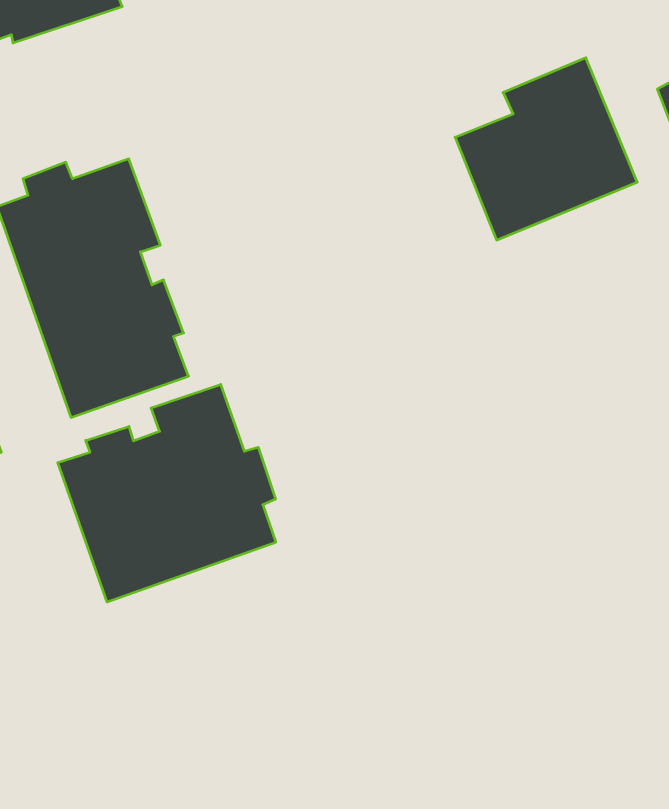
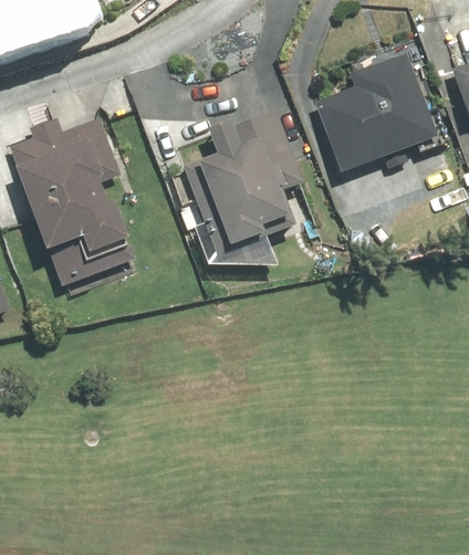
building: none -> [183,113,302,256]
building: [58,384,276,602] -> none

